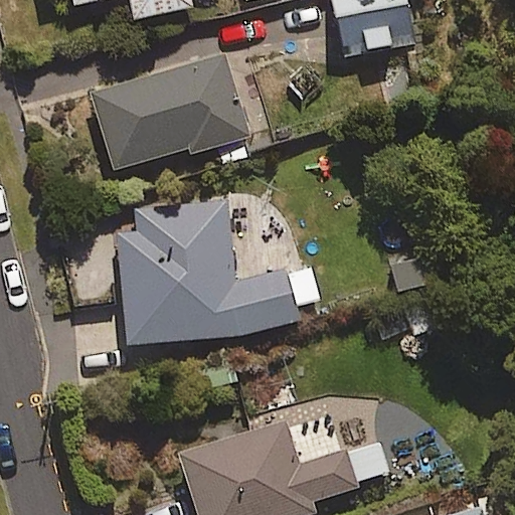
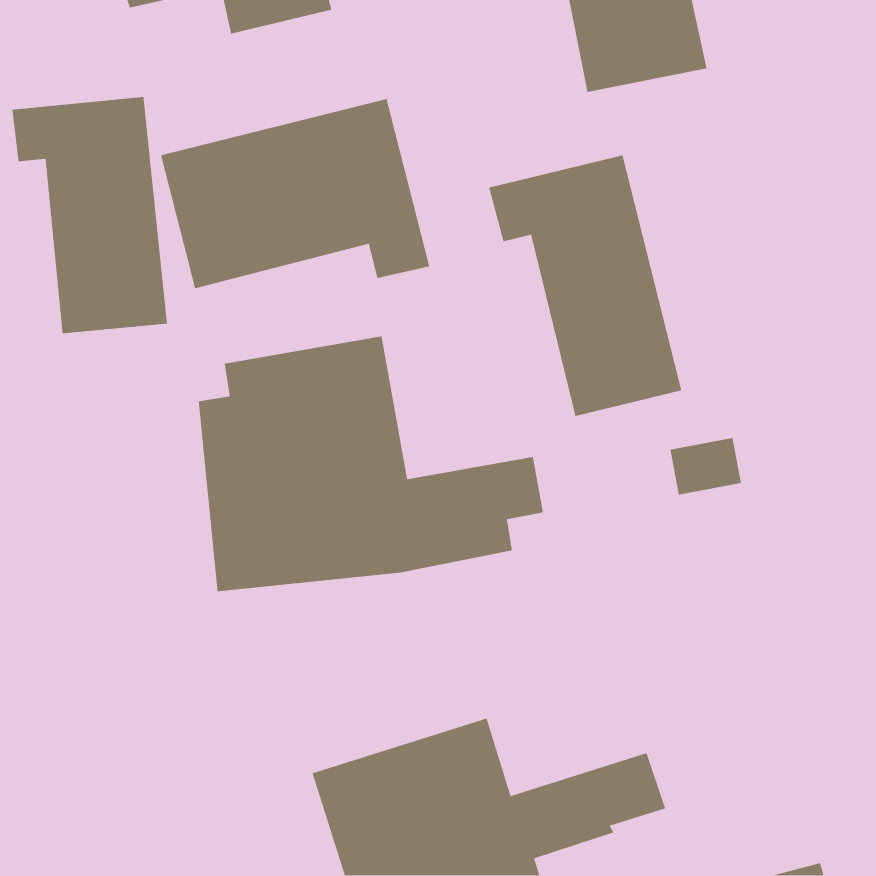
building: none -> [12,96,168,334]
building: none -> [488,154,682,417]

